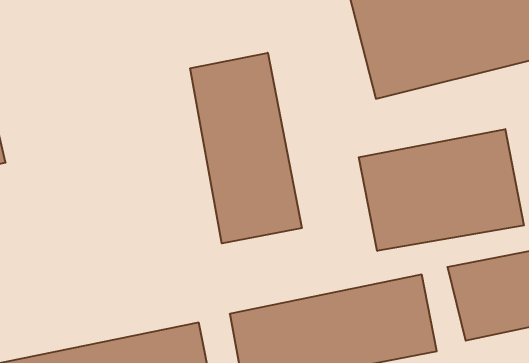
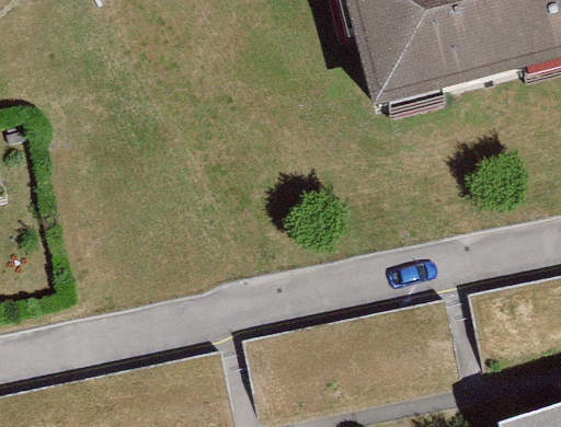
building: [190,53,302,243] -> none
building: [359,129,524,251] -> none

